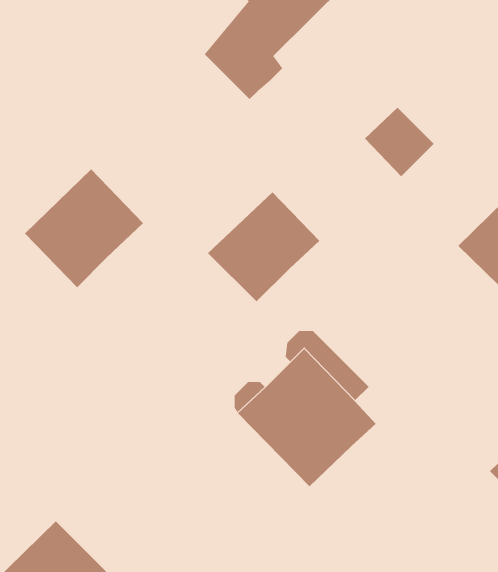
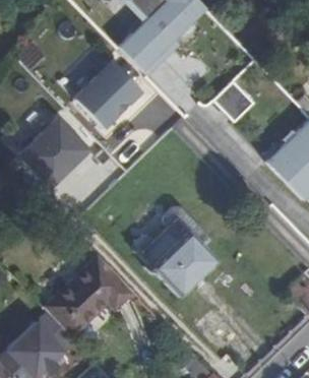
building: [207,191,320,302] -> [74,63,139,127]
building: none -> [48,255,138,337]

